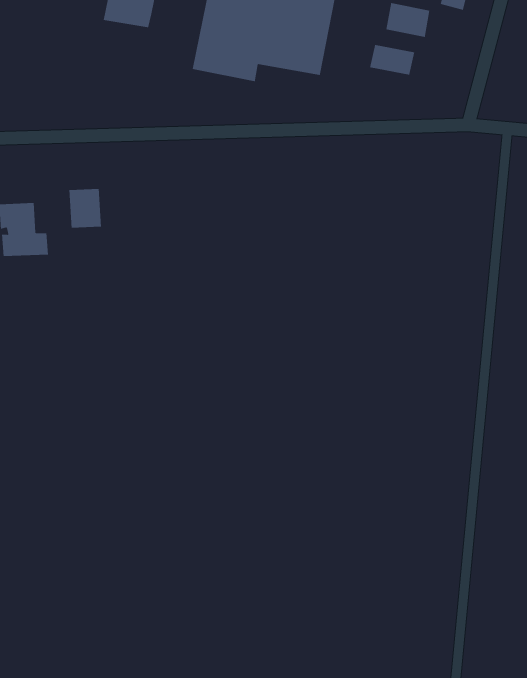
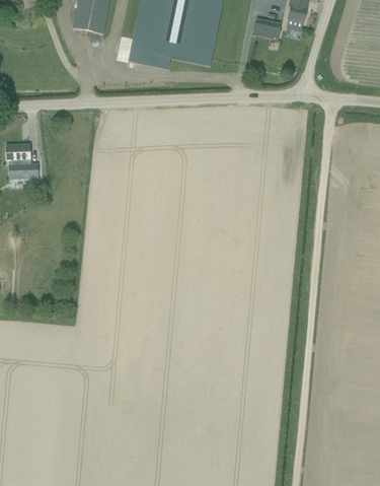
building: [370,44,415,76] -> none
building: [69,188,102,229] -> none

